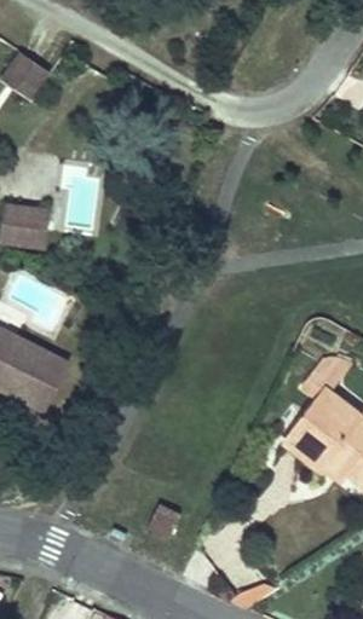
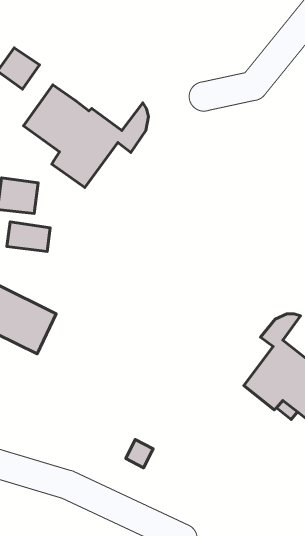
building: none -> [24,85,148,187]
building: none -> [7,222,50,252]

